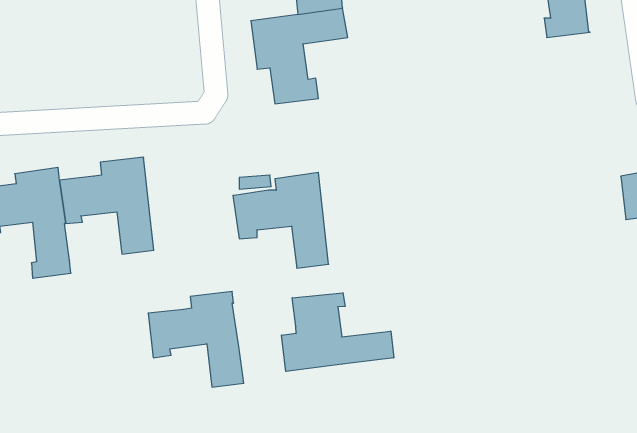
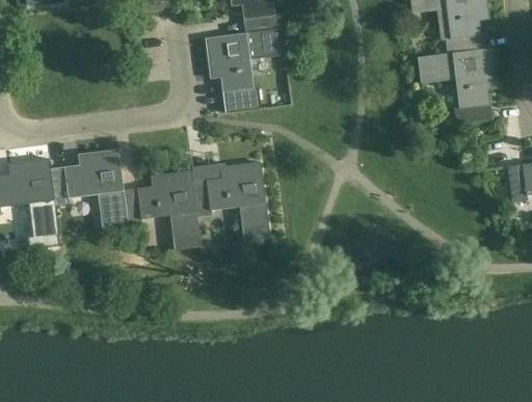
building: none -> [417,46,496,123]
building: [148,292,244,387] -> [123,171,201,249]
building: [282,293,394,371] -> none

